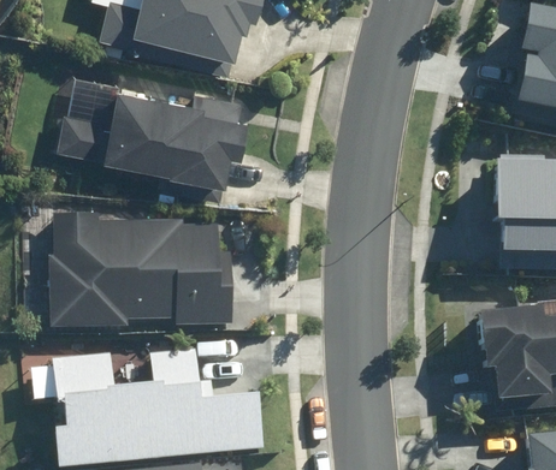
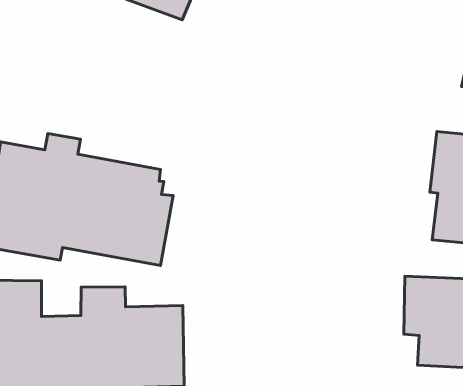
building: [60,73,254,183] -> none

